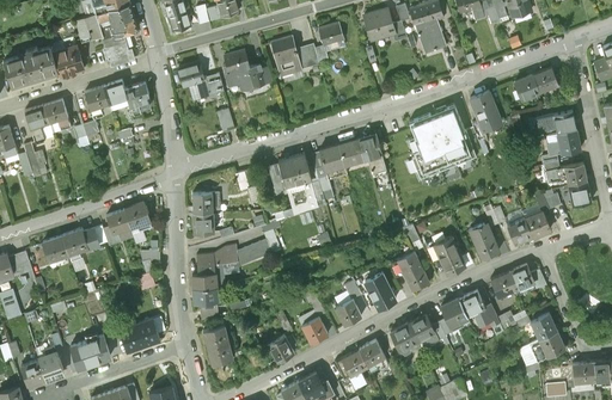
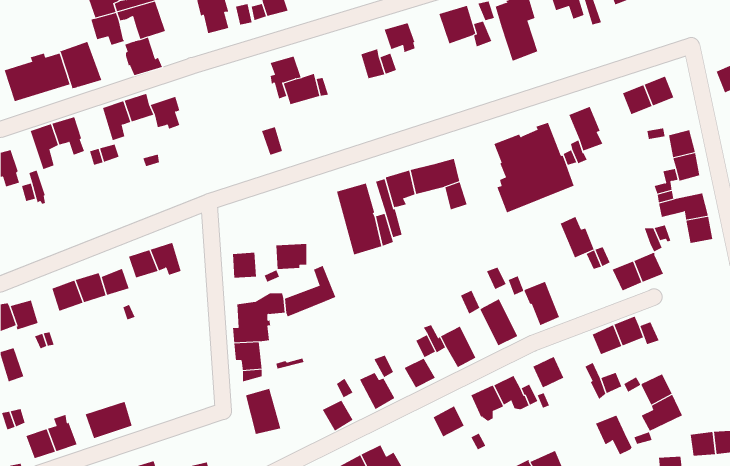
building: [271,36,302,76] -> none
building: [178,63,209,100] -> none
building: [191,192,218,214] -> [275,244,307,270]
building: [470,224,498,259] -> [560,216,595,258]
building: [459,291,490,325] -> [595,415,633,455]
building: [121,319,160,350] -> none
building: [335,349,367,379] -> none

